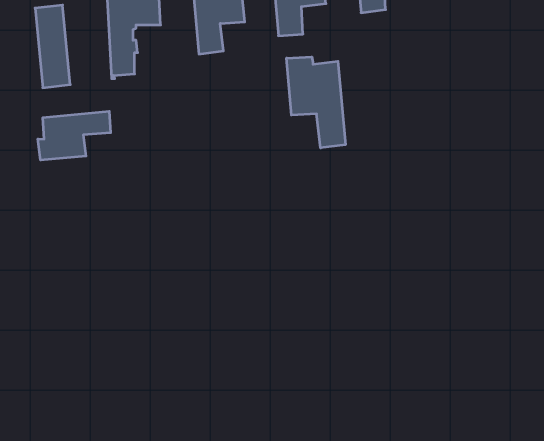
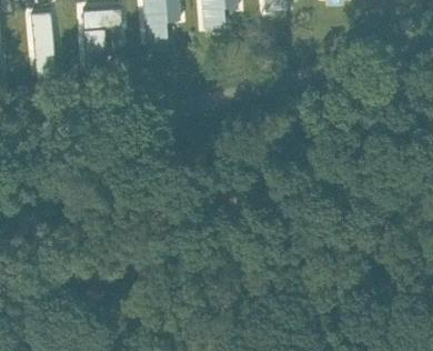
building: [287,57,345,148] -> none
building: [38,111,111,160] -> none

